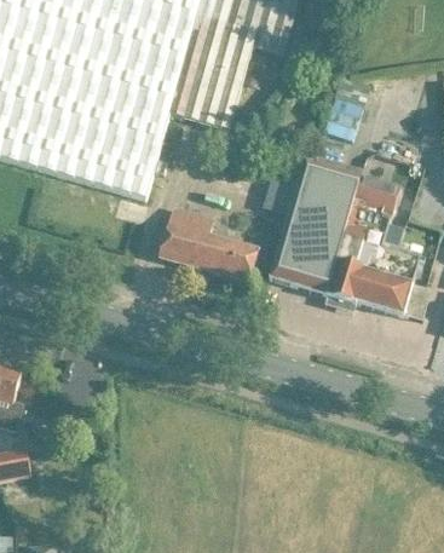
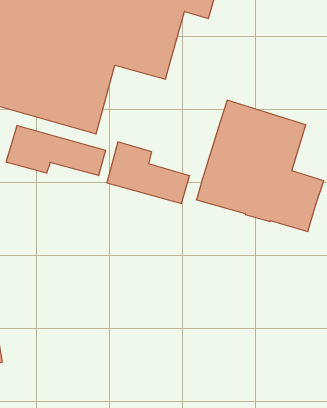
building: none -> [6,125,106,176]

